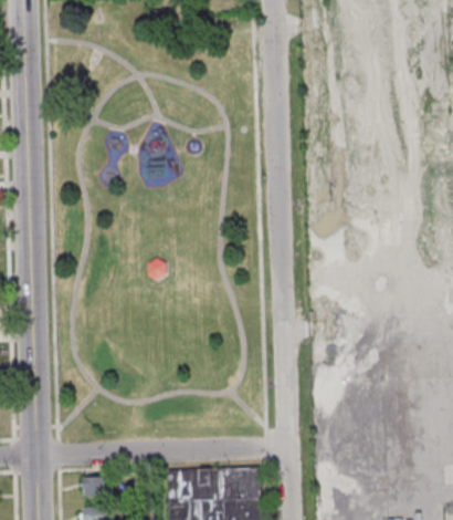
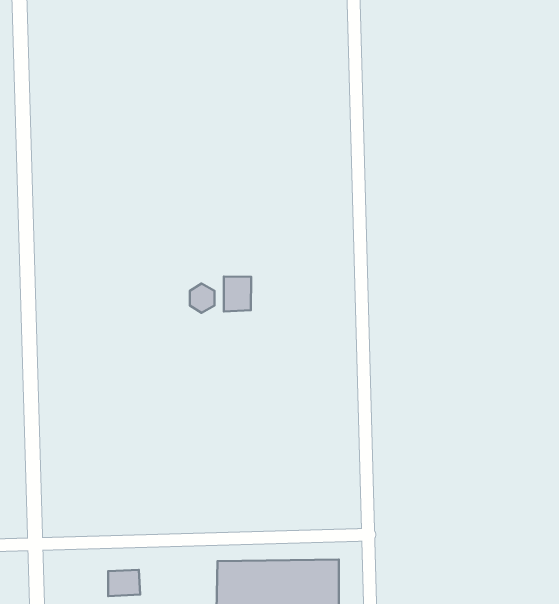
building: none -> [224,277,251,311]

